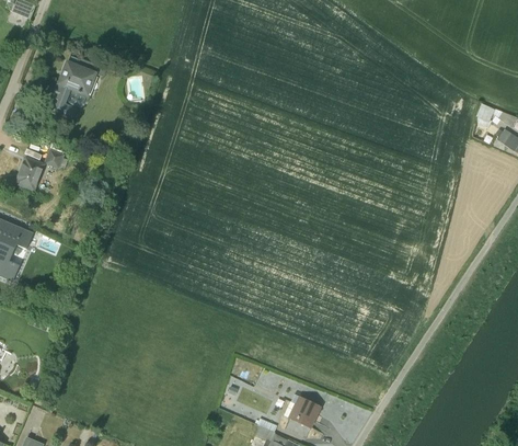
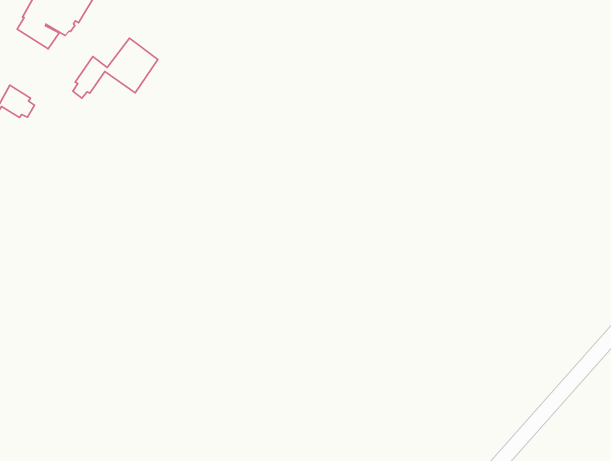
building: none -> [73,38,158,98]

